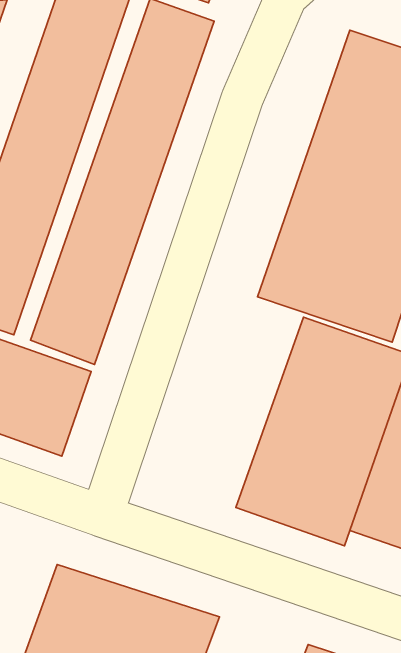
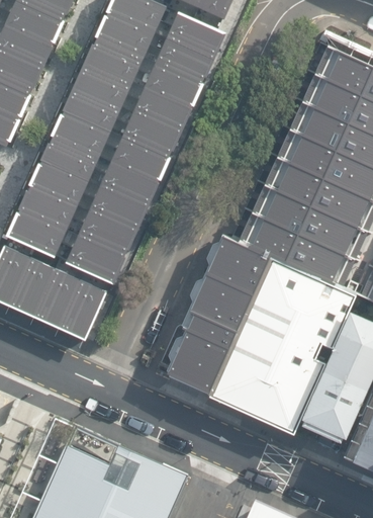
building: none -> [162,238,275,398]

